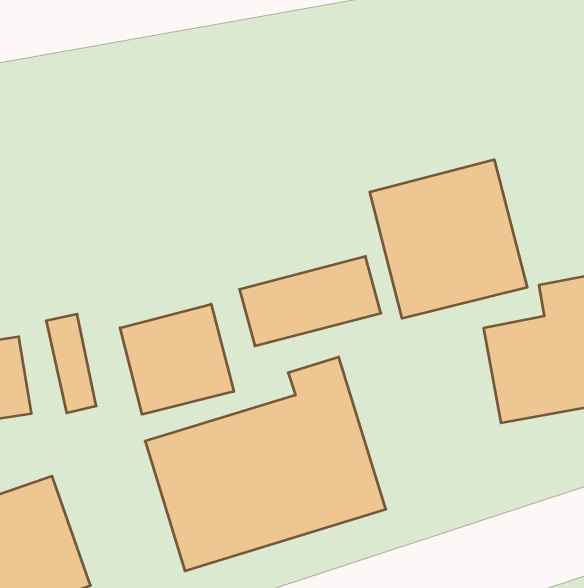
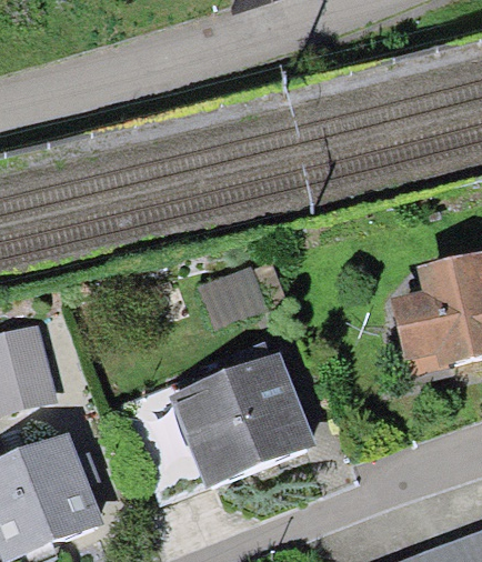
building: [370,160,527,318] -> none
building: [120,304,234,414] -> none

